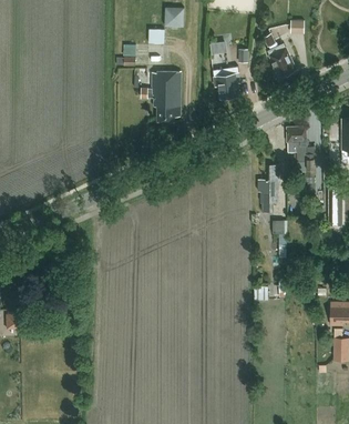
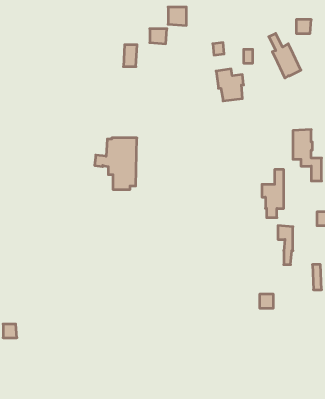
building: [140,71,181,121] -> [95,138,137,189]

